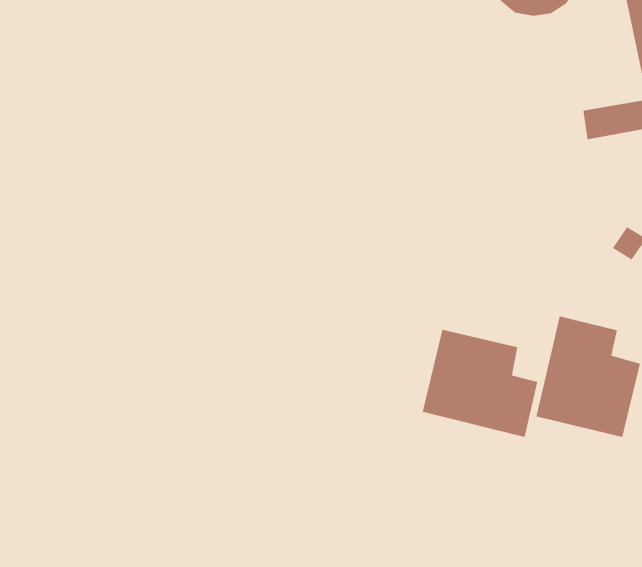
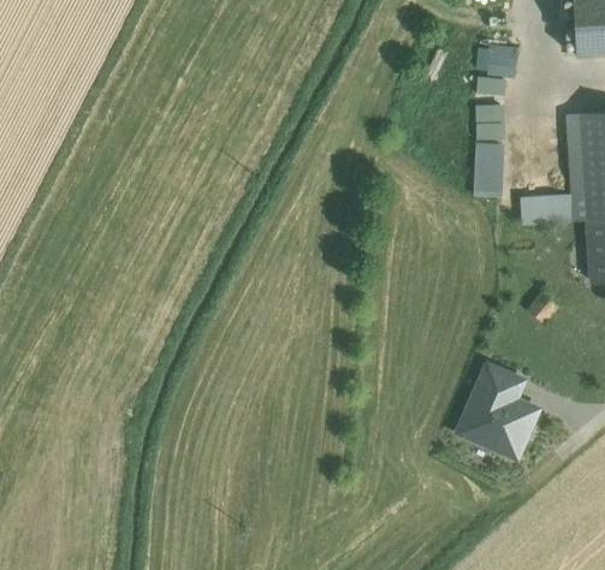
building: none -> [470,142,500,194]
building: [422,329,538,438] -> none

